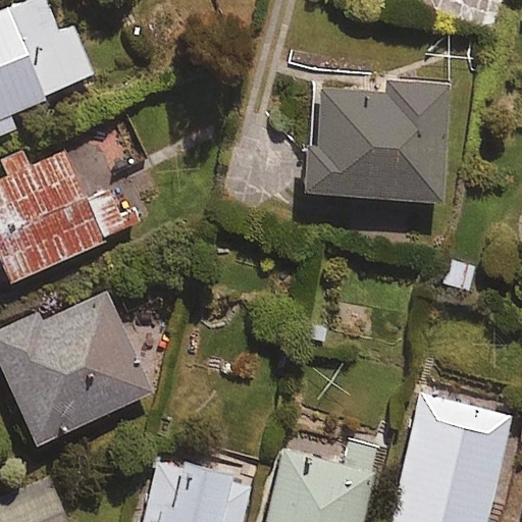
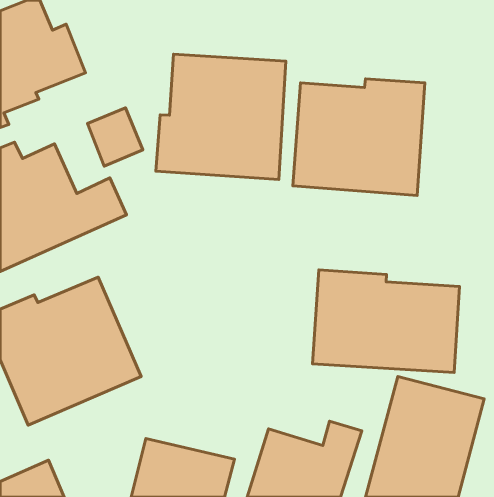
building: none -> [156,54,286,180]
building: none -> [312,270,459,373]

